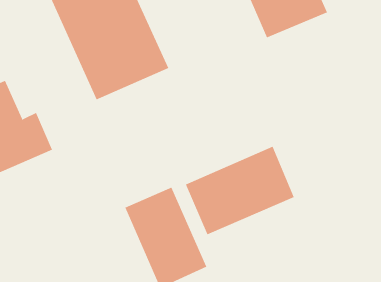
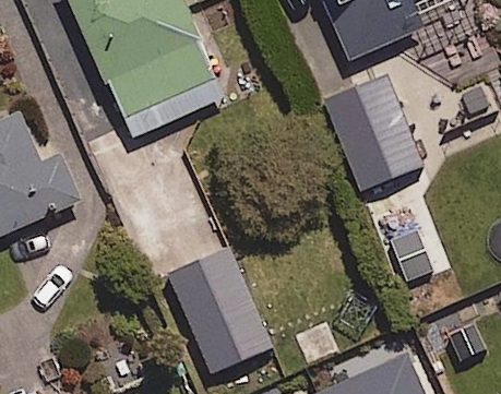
building: none -> [334,85,419,187]
building: [185,146,295,235] -> none

